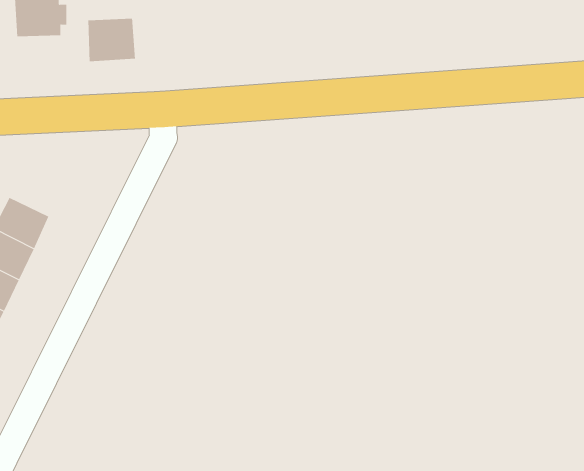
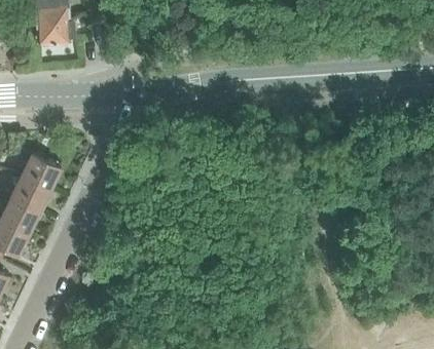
building: [88,18,136,62] -> none

